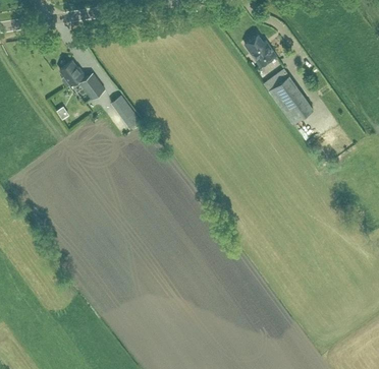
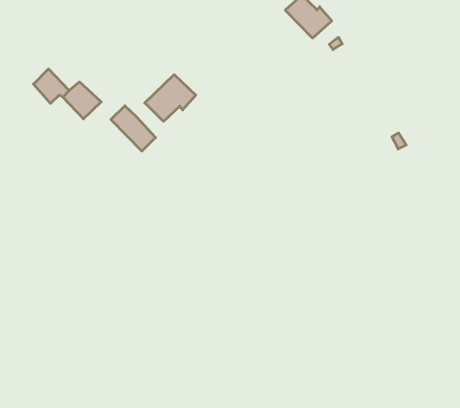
building: [268,74,312,122] -> none
building: none -> [145,75,196,121]

